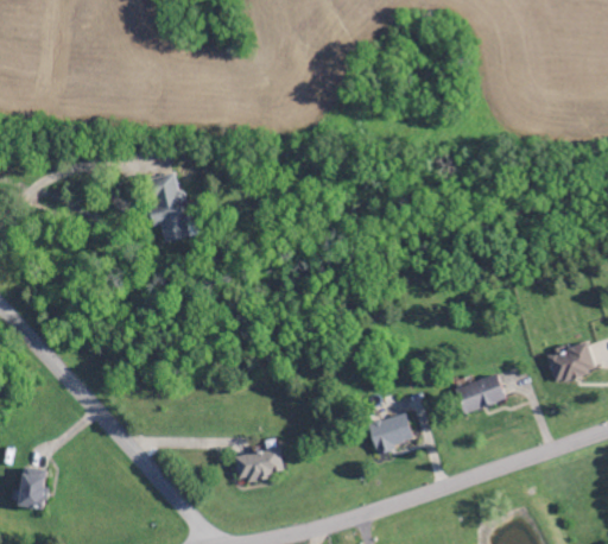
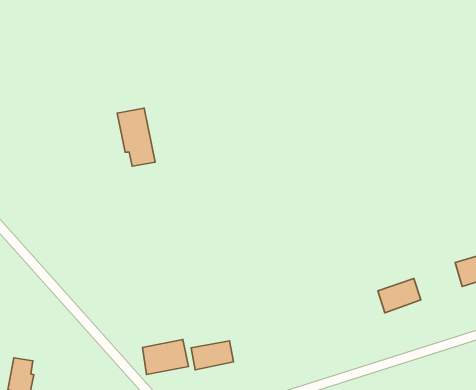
building: [368,413,414,453] -> none
building: none -> [142,339,188,374]

